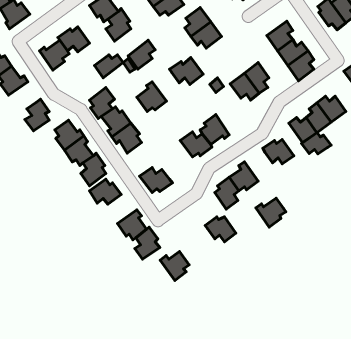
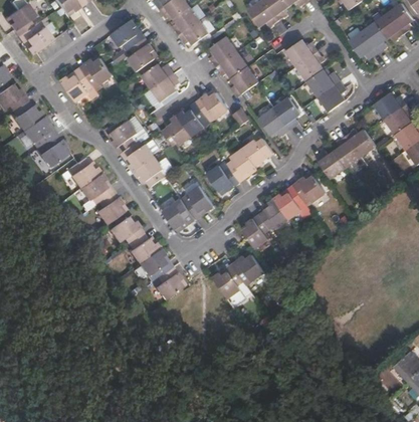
building: none -> [283,39,316,65]
building: none -> [230,66,258,96]
building: [94,55,123,78] -> [141,62,171,86]
building: none -> [175,103,206,134]
building: none -> [25,114,54,145]
building: none -> [241,138,273,169]
building: [302,133,331,154] -> none
building: none -> [182,185,214,215]
building: none -> [129,231,159,261]
building: [256,198,286,227] -> [271,187,302,217]
building: [160,251,189,280] -> [212,266,242,296]

